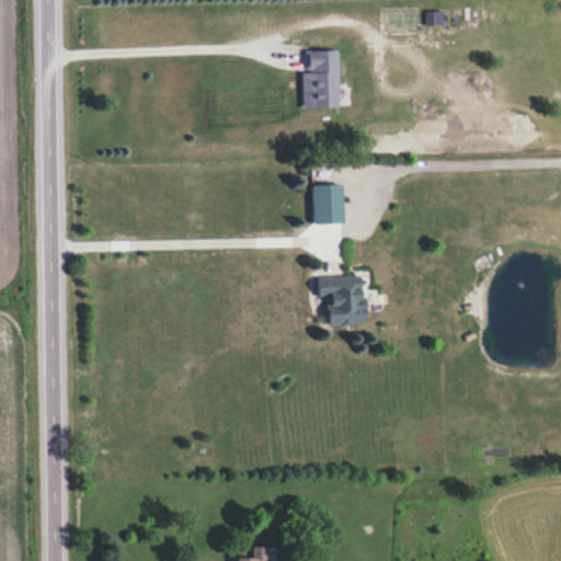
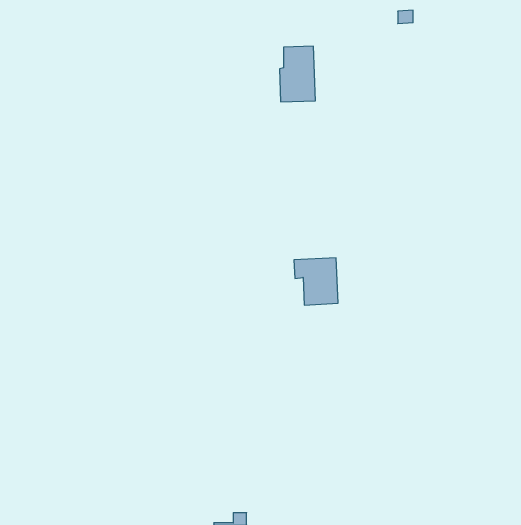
building: [312,184,345,225] -> none

